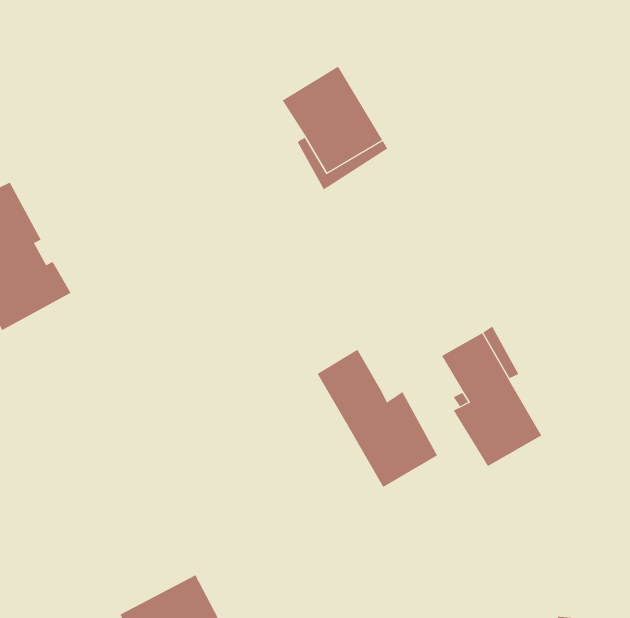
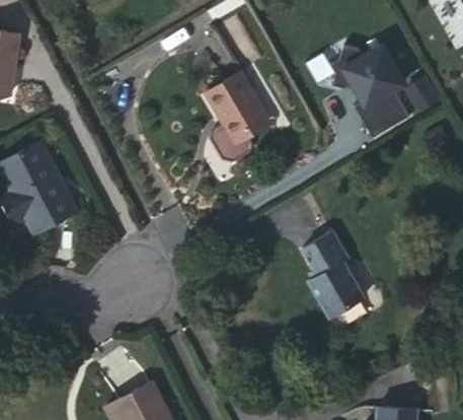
building: none -> [329,45,409,138]
building: [317,349,438,488] -> none

